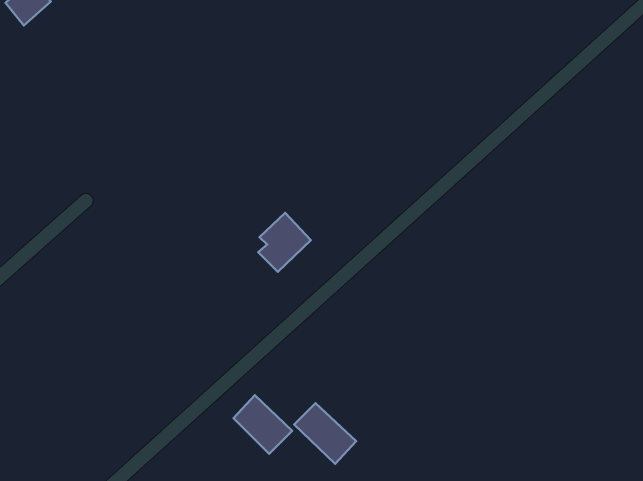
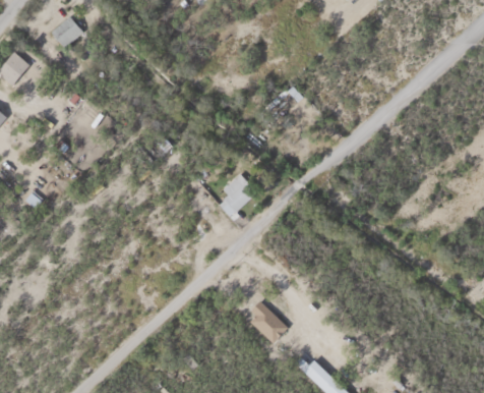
building: [234,395,292,454] -> none

